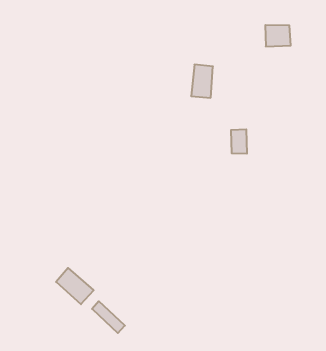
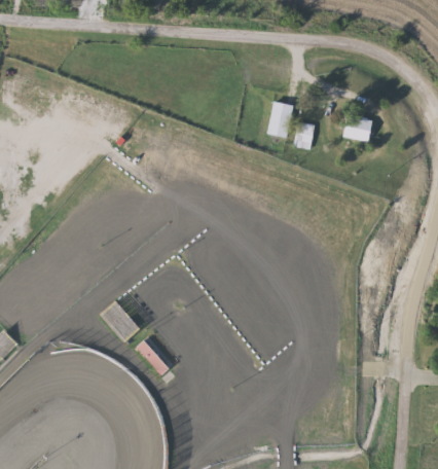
building: [265,25,291,46] -> [345,116,373,141]
building: [231,129,247,154] -> [295,123,314,150]

